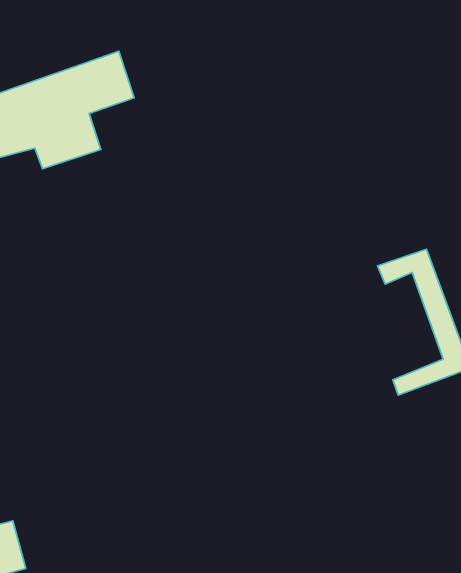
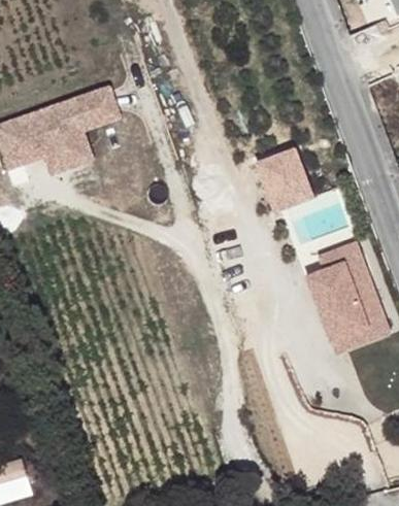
building: none -> [255,145,317,213]
building: none -> [305,258,371,343]

